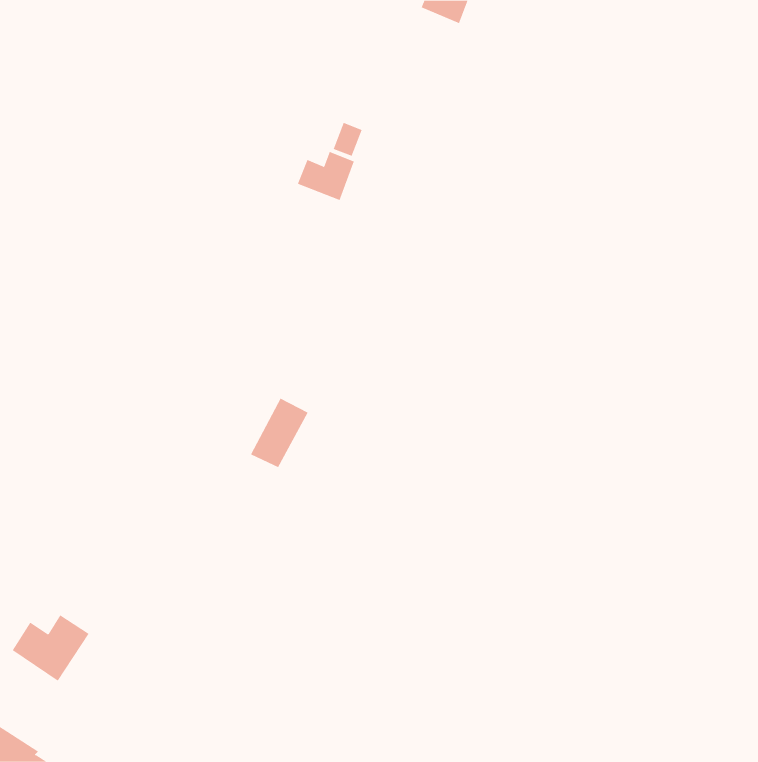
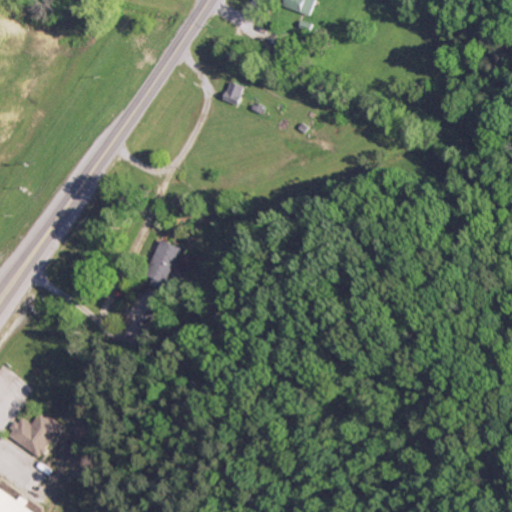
building: [297,151,354,201] -> none
building: [250,398,308,468] -> [141,240,180,287]

